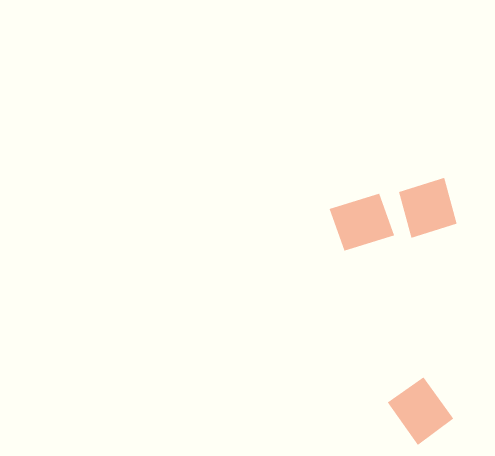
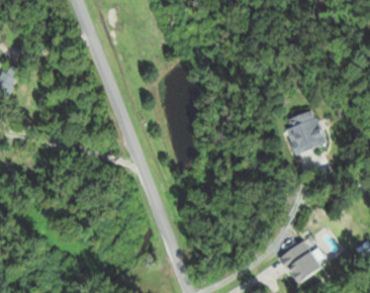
building: [329,193,395,252] -> none

